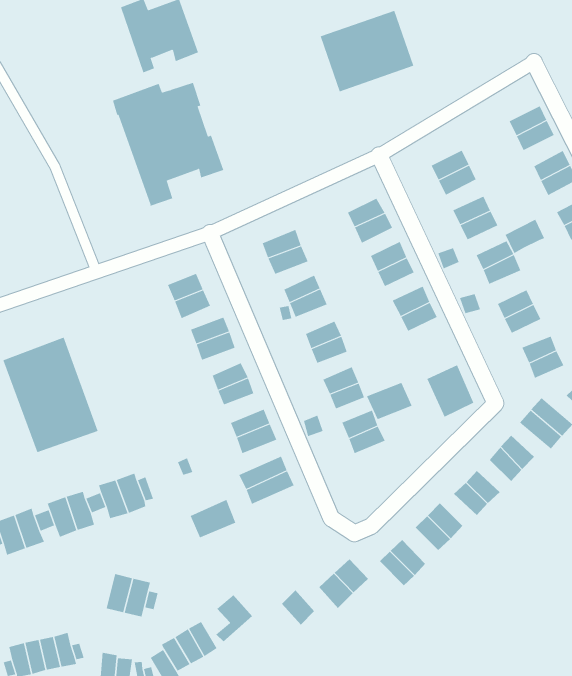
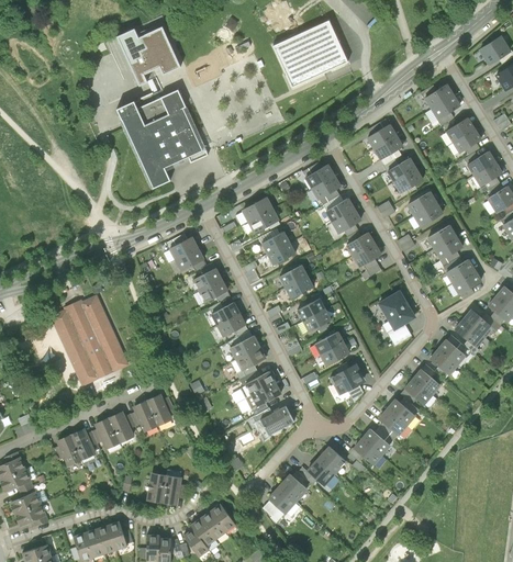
building: [505,219,545,254] -> none
building: [366,382,412,420] -> [331,362,367,393]
building: [190,499,236,538] -> [259,404,295,436]
building: [216,595,253,642] -> [269,485,298,522]

